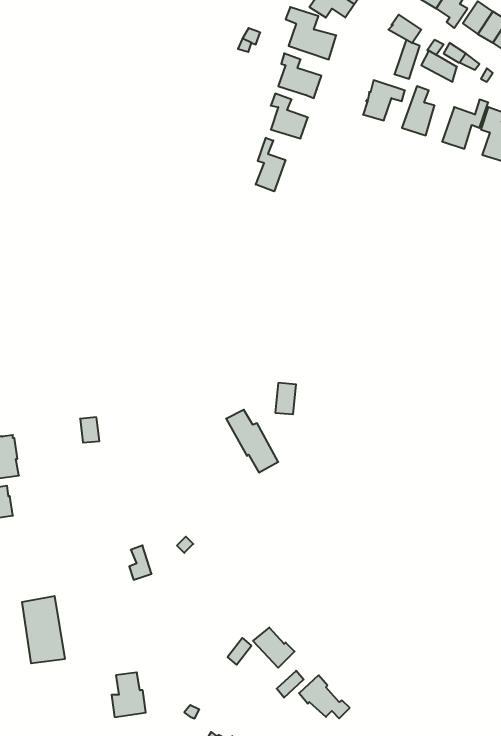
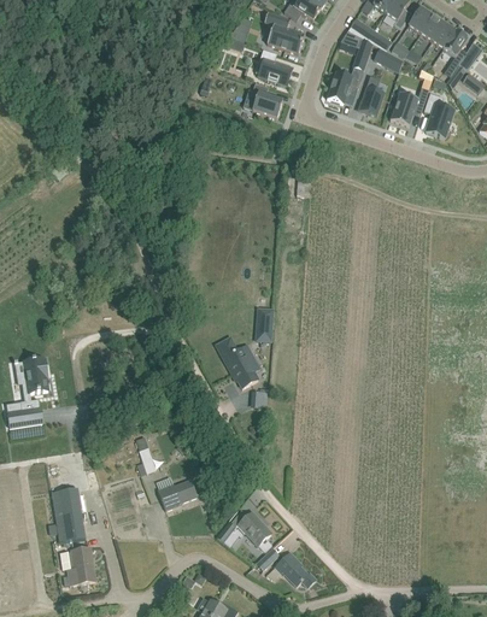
building: [256,138,285,191] -> none
building: none -> [158,478,198,509]
building: [112,672,146,717] -> [68,547,95,583]

